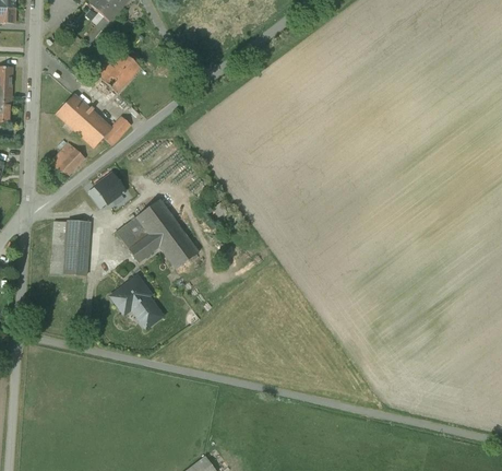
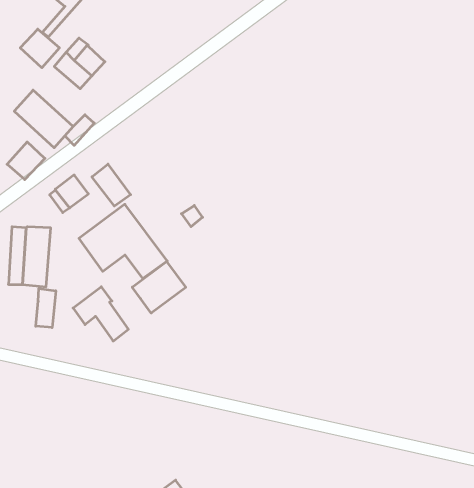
building: none -> [20,29,59,68]
building: none -> [92,164,131,206]
building: none -> [132,261,186,313]
building: none -> [36,289,56,328]

